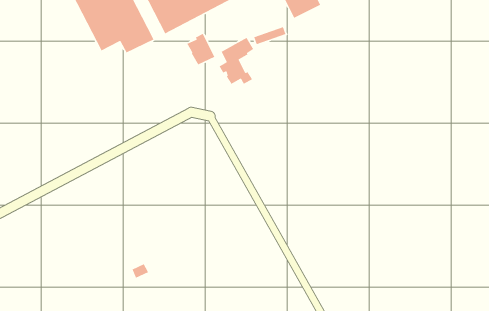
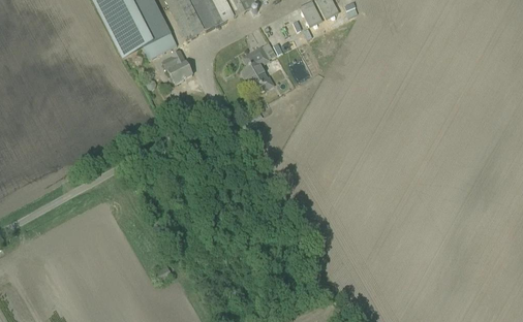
building: [186,33,216,65] -> [162,50,191,82]

